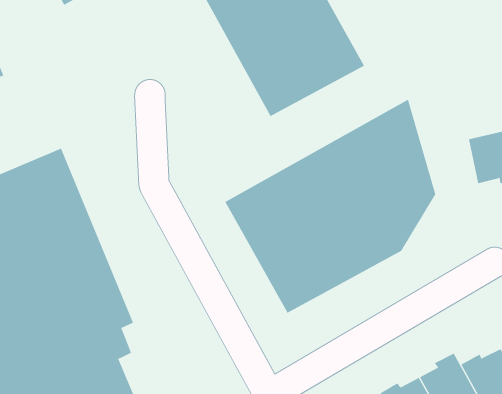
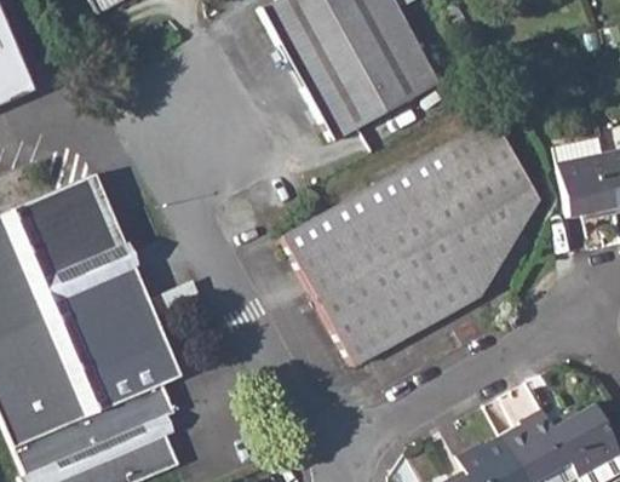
building: none -> [490,119,539,229]

